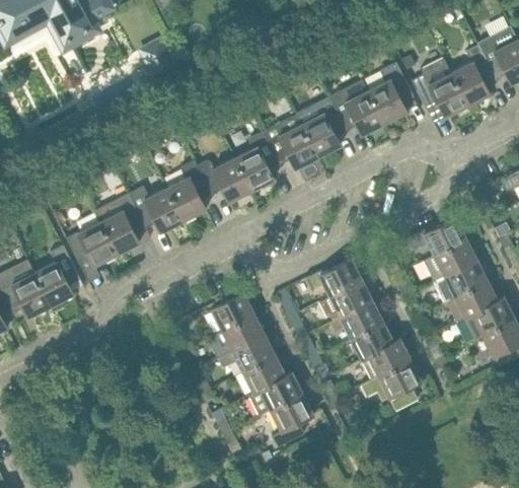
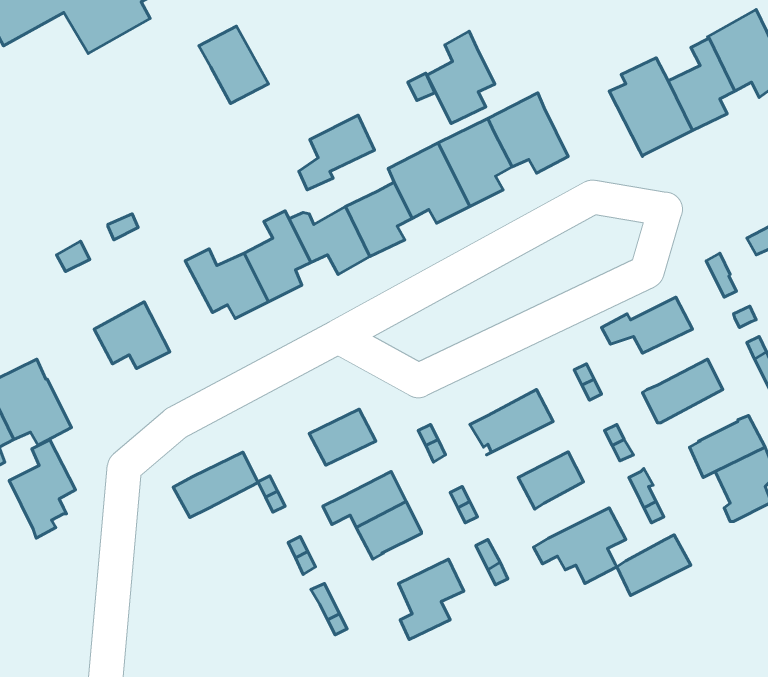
building: [368,62,414,124] -> [427,31,495,124]
building: none -> [299,115,374,190]
building: [95,194,146,255] -> none
building: [423,239,477,280] -> none
building: [35,246,80,311] -> [9,440,76,538]
building: [306,259,363,297] -> none
building: [446,280,498,323] -> none
building: [329,301,384,339] -> none
building: [209,315,266,358] -> [173,452,258,517]
building: [362,339,412,379] -> [617,535,691,596]
building: [248,372,304,416] -> none

